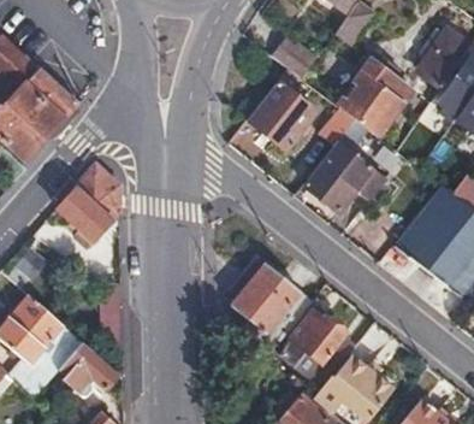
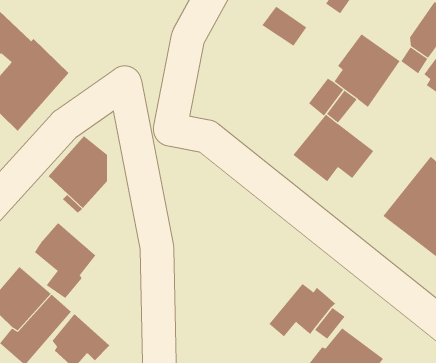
building: [247,82,313,147] -> none
building: none -> [34,222,96,299]
building: [233,265,310,349] -> none

